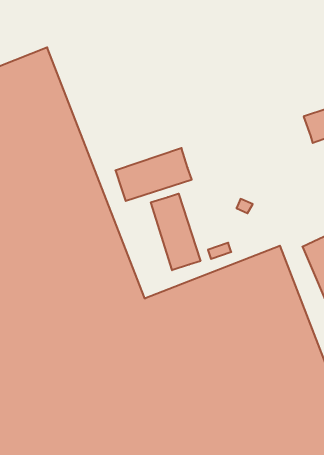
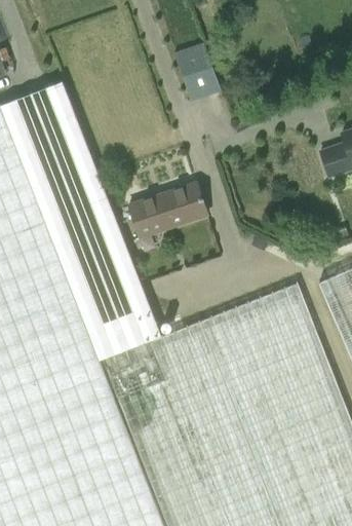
building: none -> [173,42,223,102]
building: [151,194,200,270] -> none

